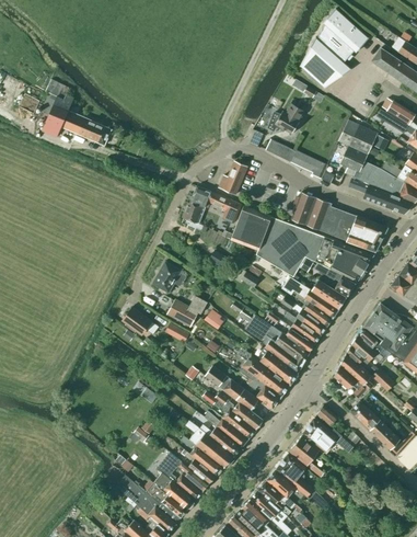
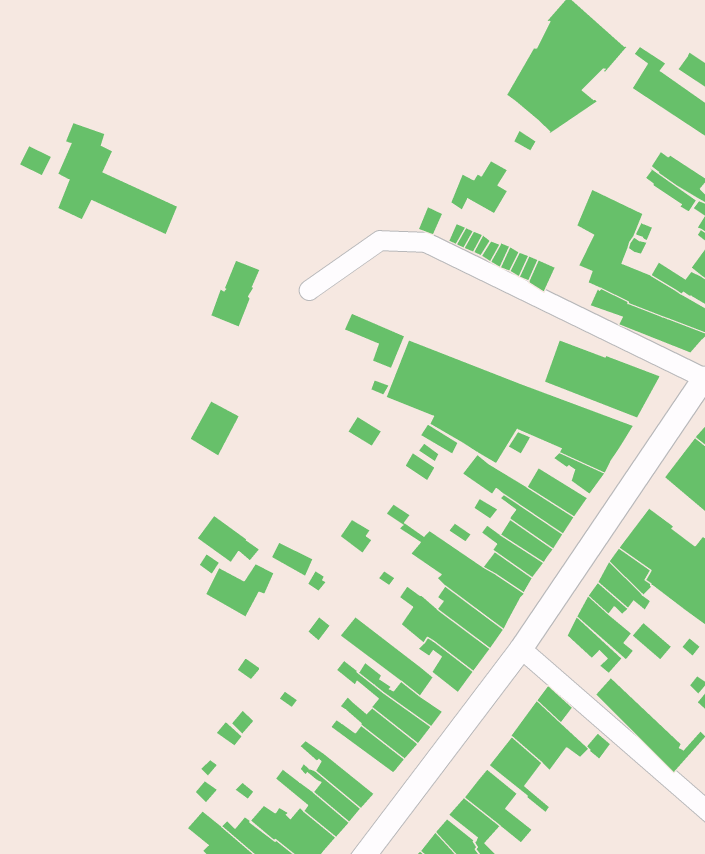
building: [219,161,247,195] -> none
building: [182,186,210,225] -> [211,260,260,327]
building: [290,193,331,231] -> none
building: [152,262,181,294] -> [190,401,239,456]
building: [166,297,206,328] -> [206,564,274,617]
building: [185,422,234,468] -> none

